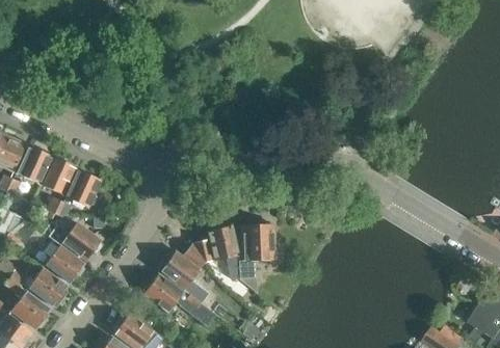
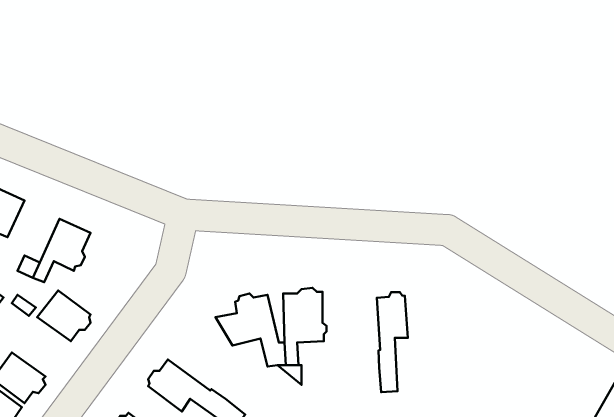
building: [40,156,75,194] -> none
building: none -> [377,292,408,392]
building: [159,242,206,302] -> none
building: [44,245,83,283] -> none

